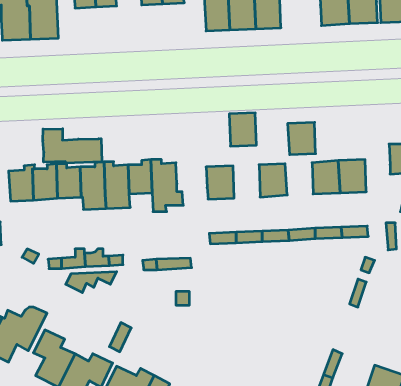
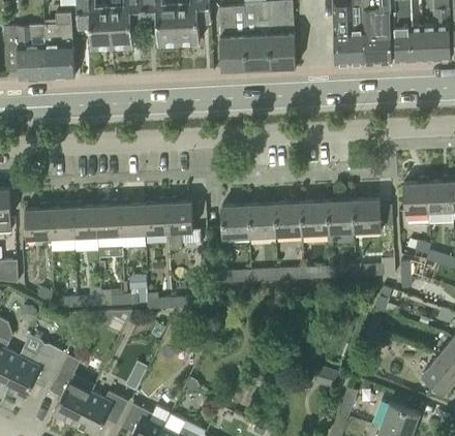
building: [229,113,256,146] -> [248,205,275,238]
building: [288,122,316,155] -> [300,203,328,235]
building: [43,129,102,163] -> none

